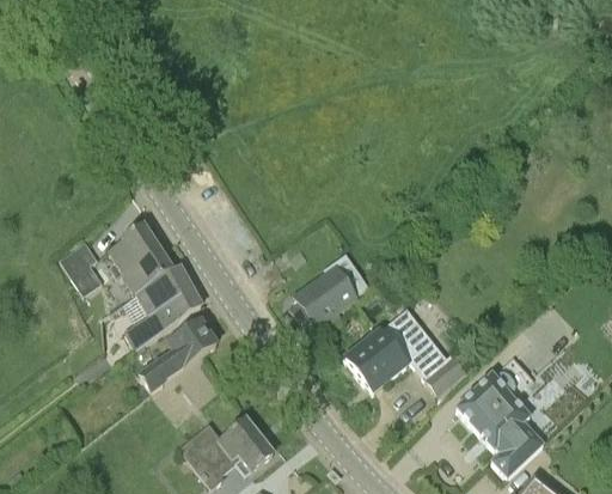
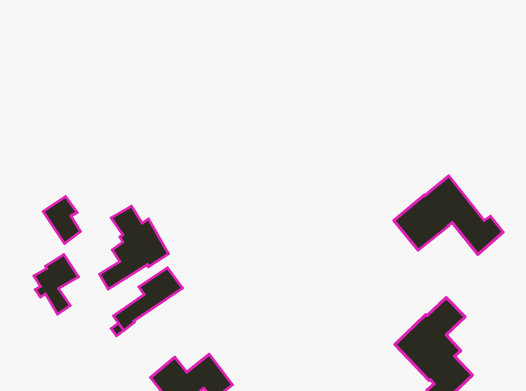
building: [110,226,160,293] -> [34,255,79,314]
building: [293,267,356,336] -> none
building: [345,307,469,396] -> [394,176,503,254]

